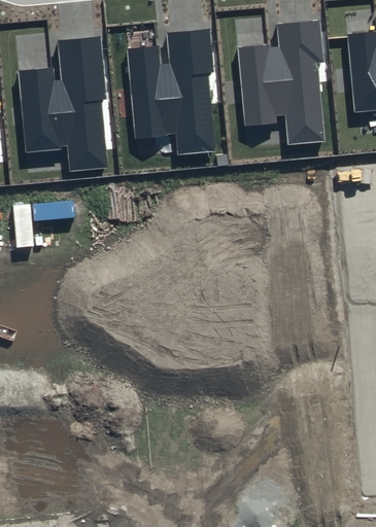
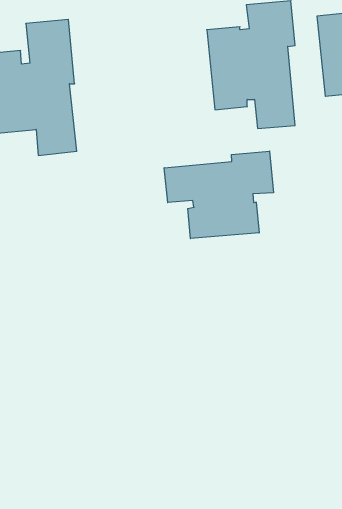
building: [128,28,215,153] -> none
building: none -> [164,151,273,239]

